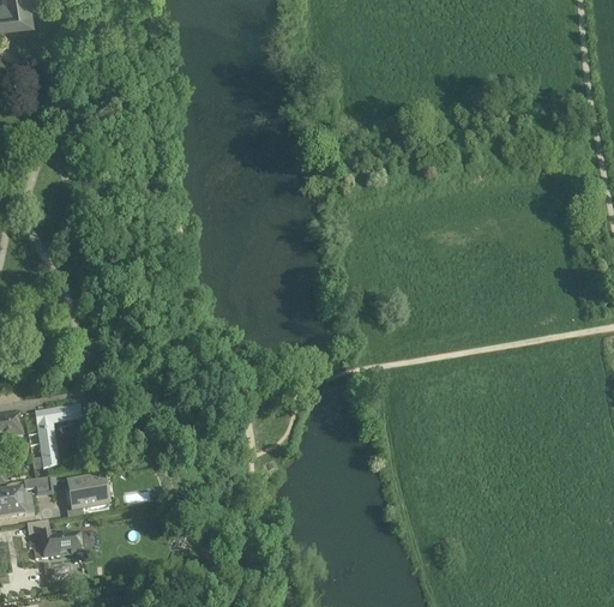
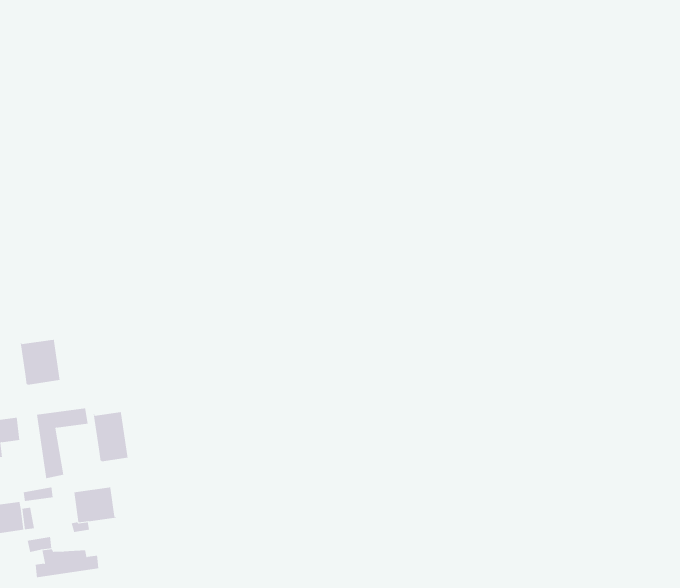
building: none -> [20,339,60,386]
building: none -> [93,411,128,462]

